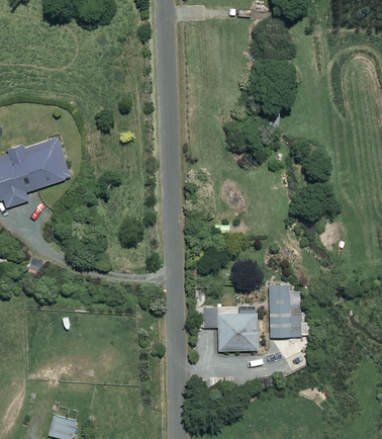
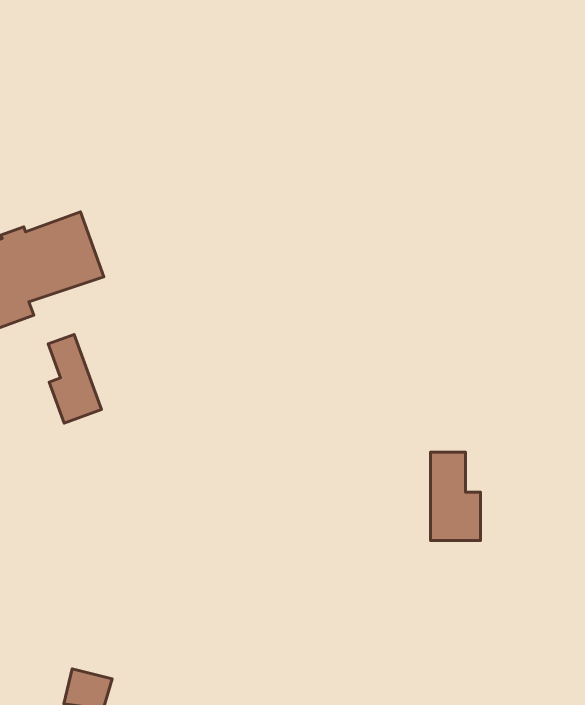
building: none -> [48,334,101,423]
building: [204,306,258,350] -> none

